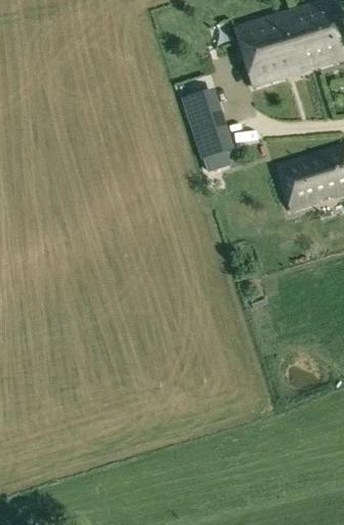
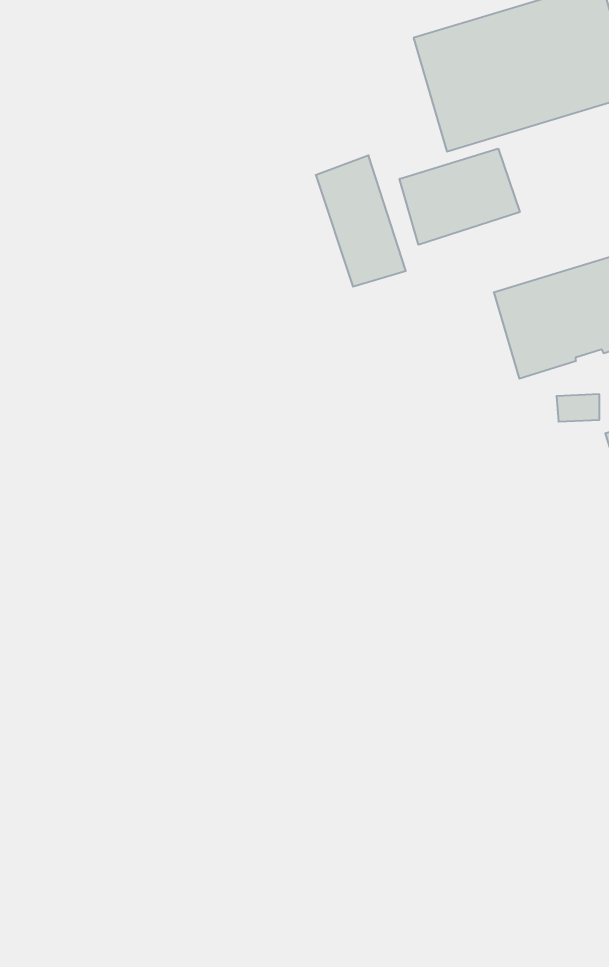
building: none -> [400,149,520,245]

